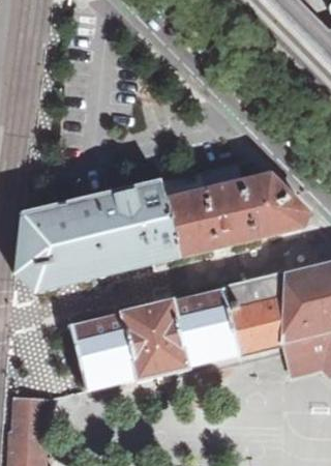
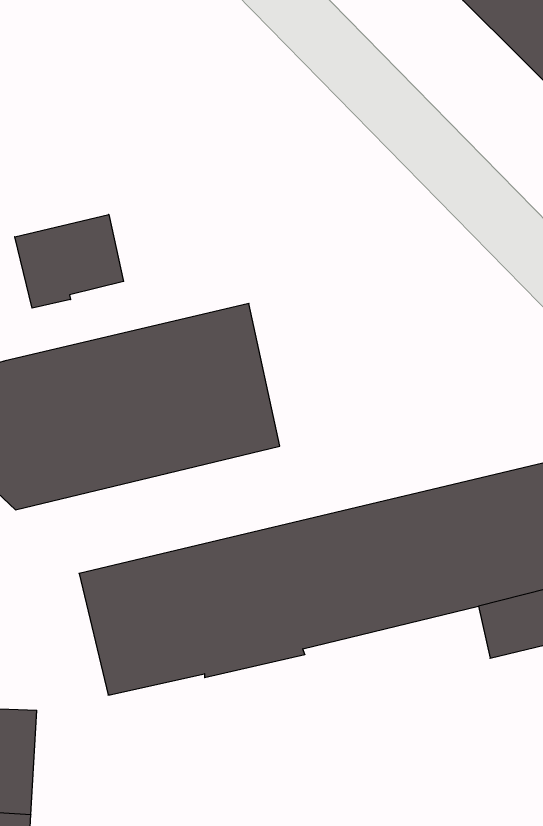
building: none -> [15,214,124,308]
building: [159,162,306,257] -> none

